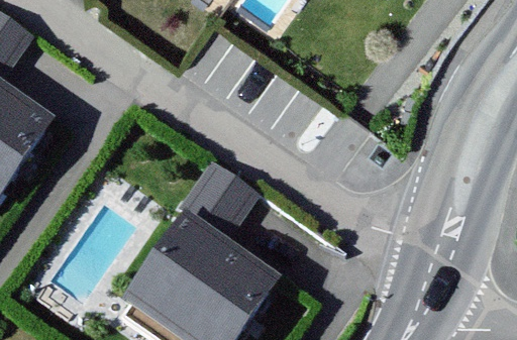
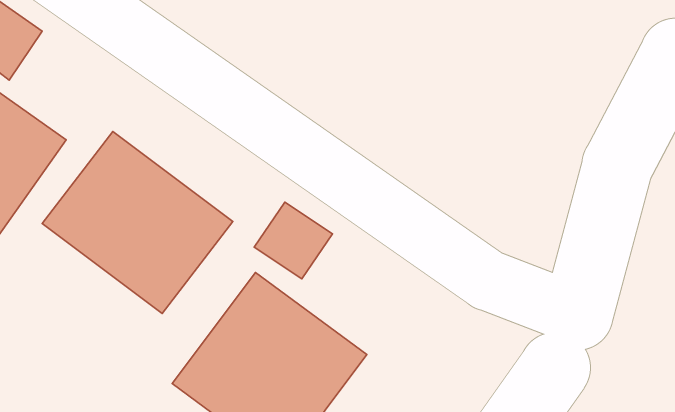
building: none -> [42,132,233,314]

